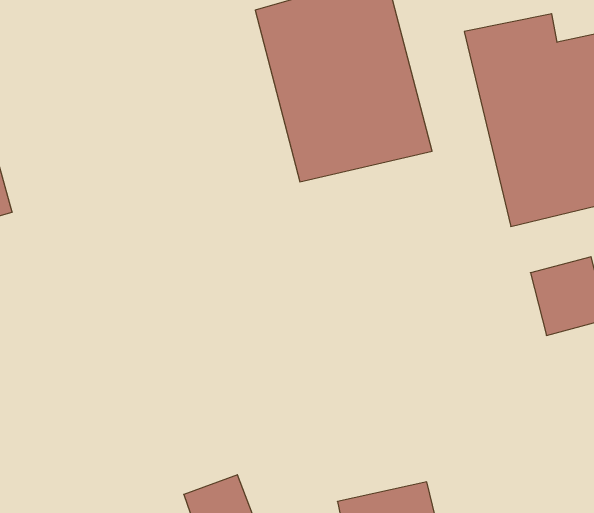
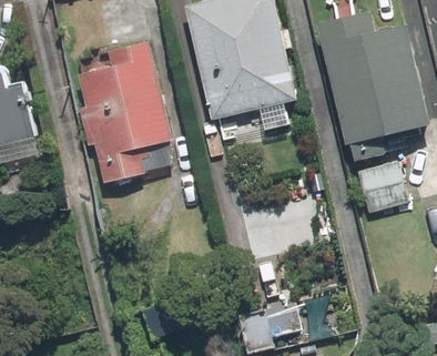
building: none -> [80,42,174,184]

